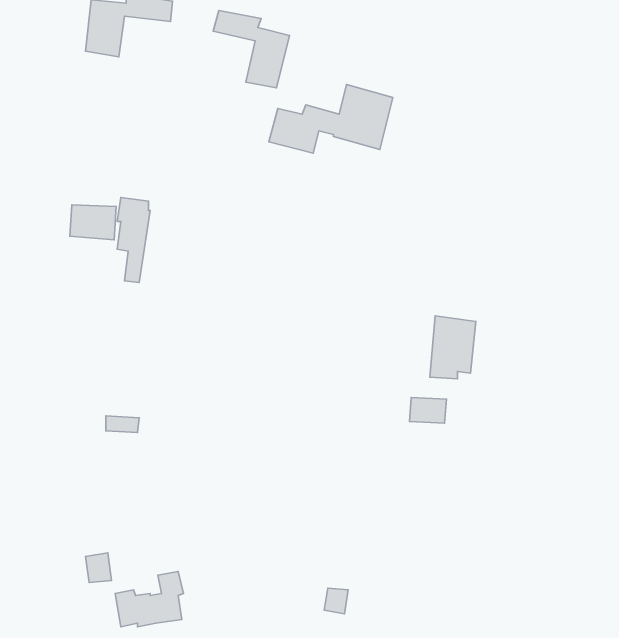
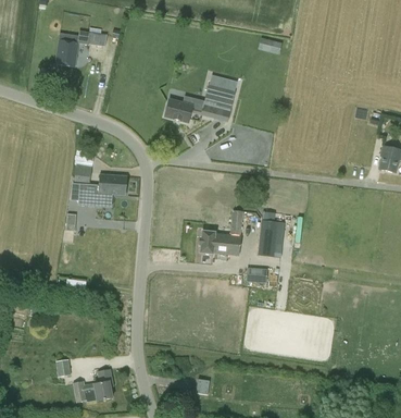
building: [213,11,289,88] -> none
building: [70,205,116,240] -> [99,175,126,196]
building: none -> [193,210,242,256]

